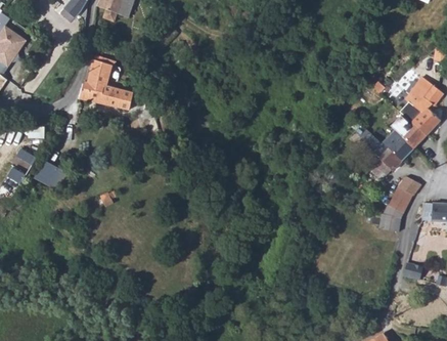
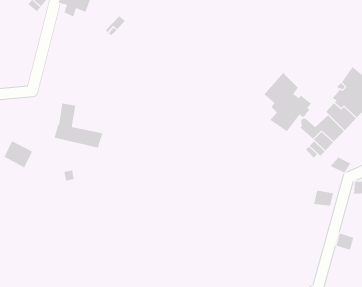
building: [79,58,133,109] -> [54,103,103,148]
building: none -> [264,72,312,132]
building: [384,186,413,216] -> none

